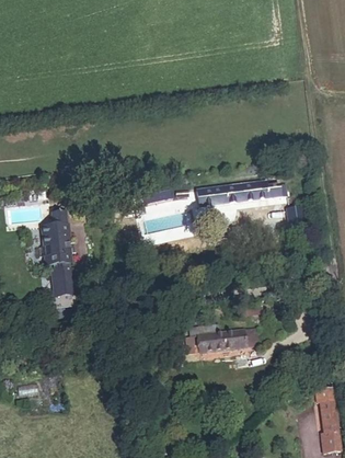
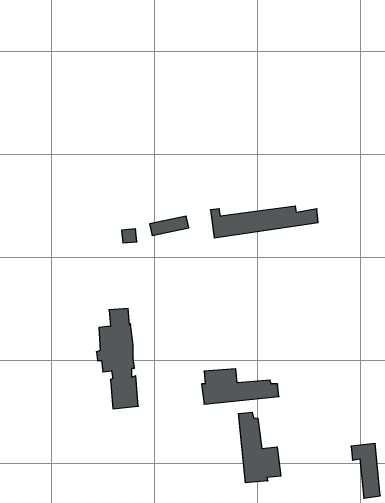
building: [39,210,76,297] -> [96,308,138,409]
building: none -> [239,412,281,483]

